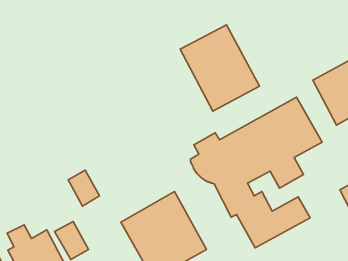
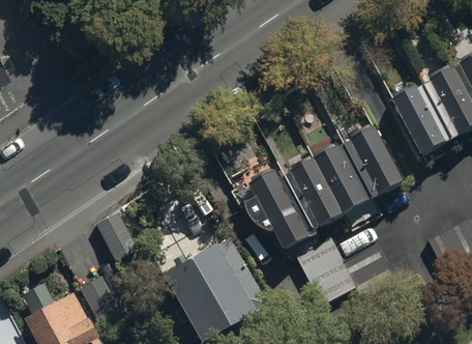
building: [180,25,259,111] -> none

